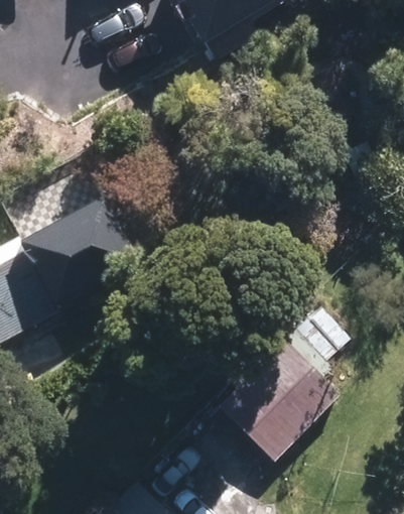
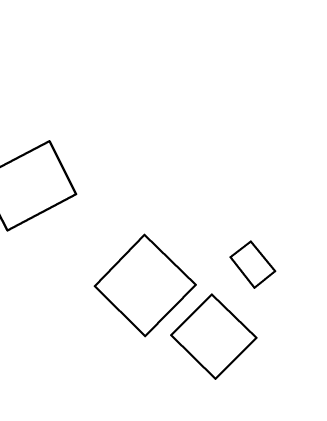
building: none -> [95,235,196,336]

